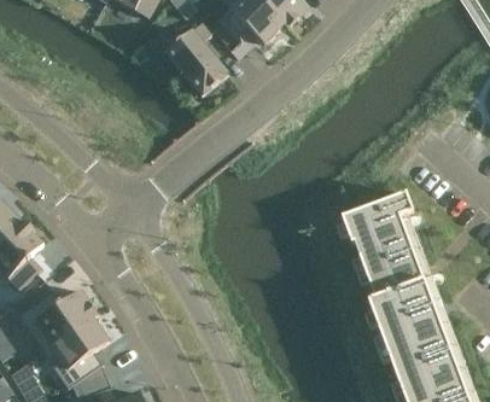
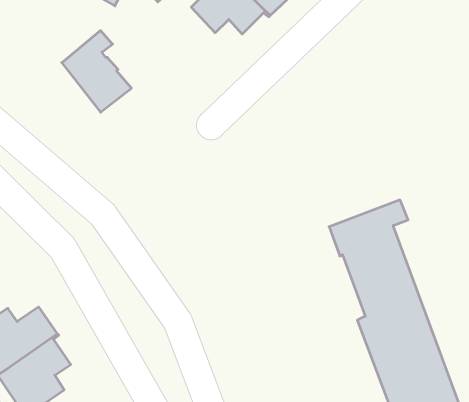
building: [165,22,228,95] -> [62,31,131,112]

